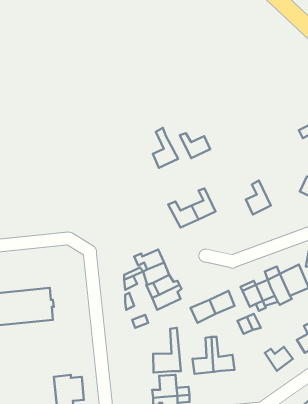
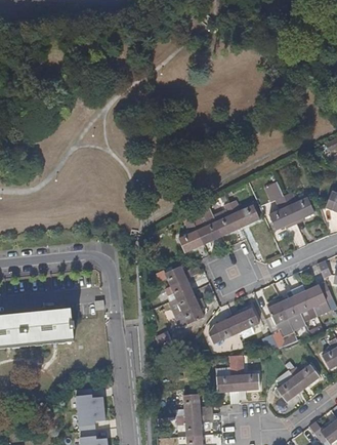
building: [153,128,178,168] -> [179,211,205,252]
building: [180,133,210,158] -> [229,201,260,227]
building: none -> [285,192,317,220]
building: [153,328,181,373] -> none
building: none -> [278,370,303,402]

